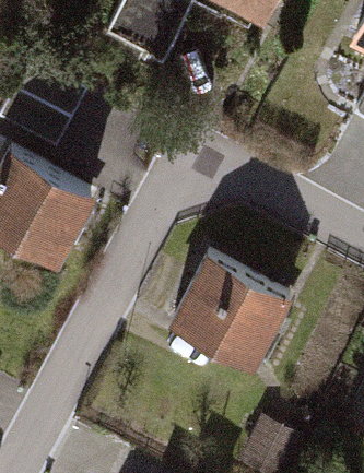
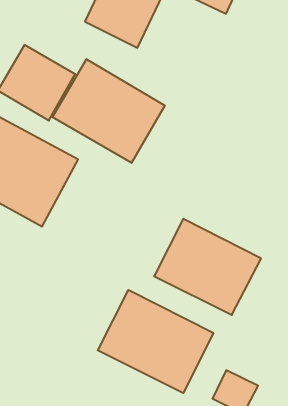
building: none -> [52,59,165,163]
building: none -> [98,290,213,393]

